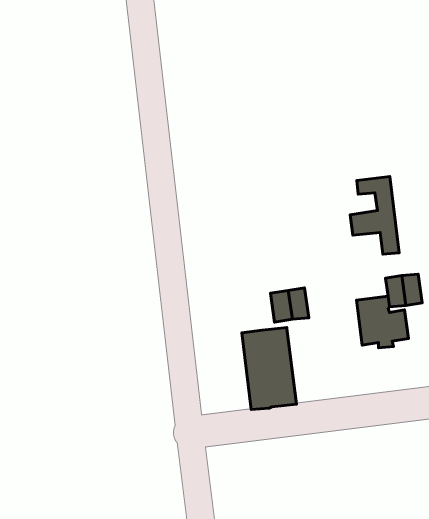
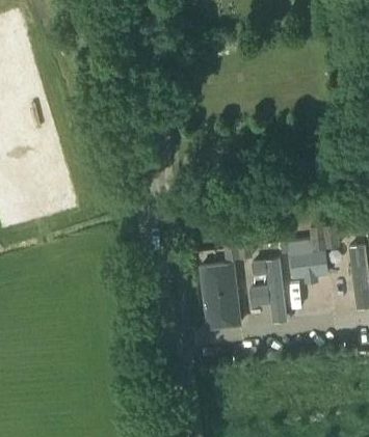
building: [350,176,399,254] -> [248,260,286,319]

